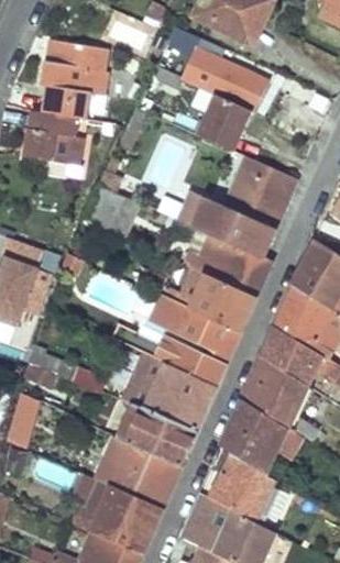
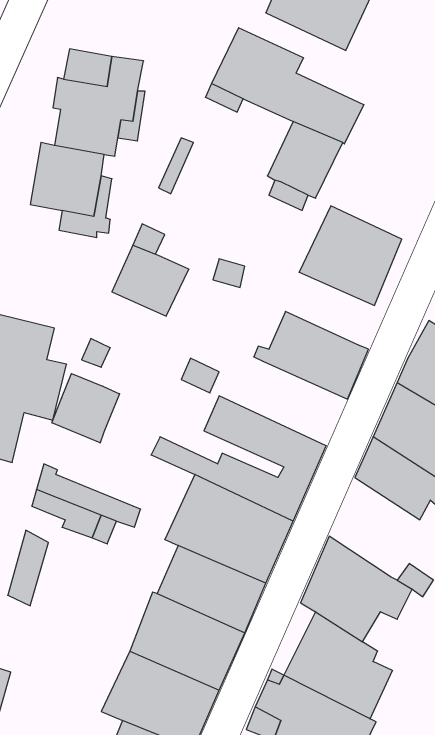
building: [179,191,275,257] -> none
building: [162,269,255,331] -> none
building: none -> [52,374,120,443]
building: [242,354,308,427] -> none

